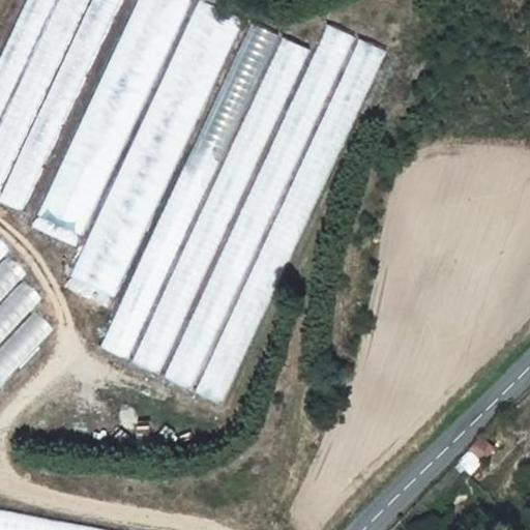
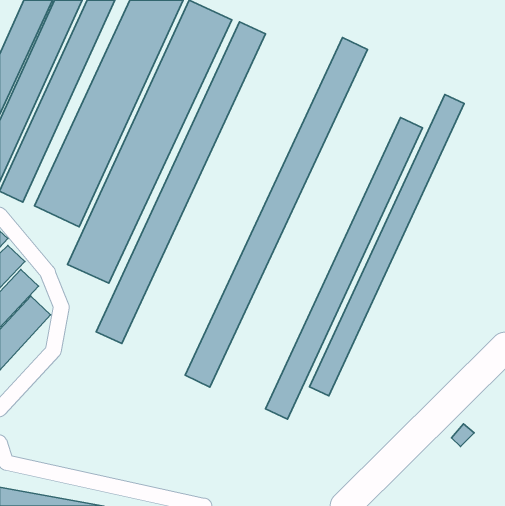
building: [163,26,353,390] -> none
building: [131,38,308,375] -> none
building: none -> [309,95,464,396]
building: none -> [265,117,423,419]

